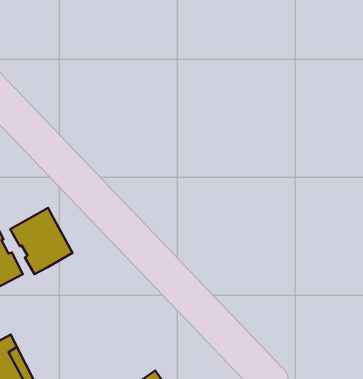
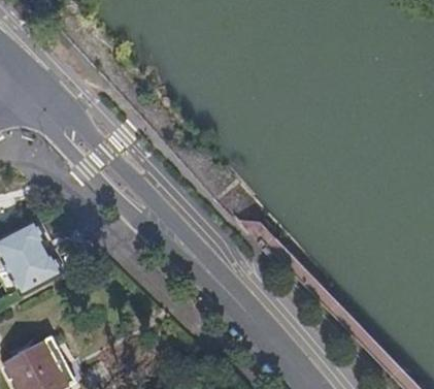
building: [10,208,73,274] -> none

